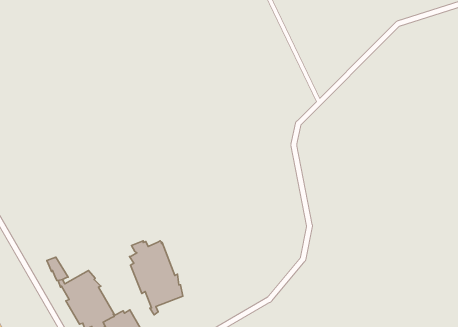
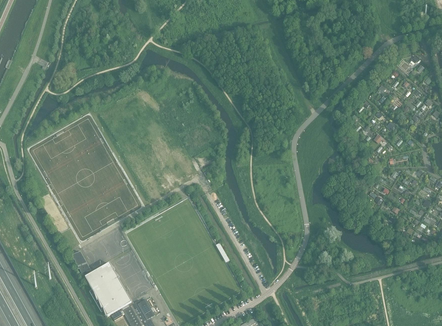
building: [130,241,183,315] -> none

